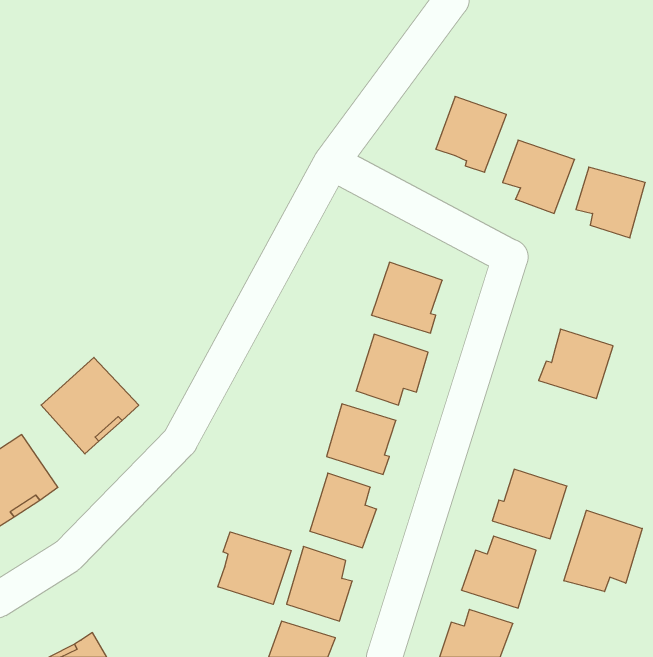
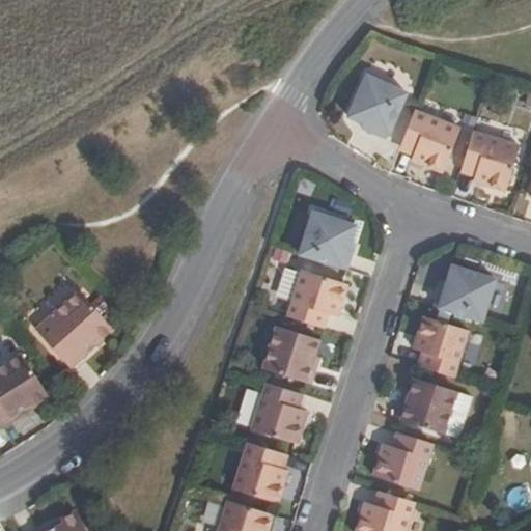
building: none -> [415,317,469,378]
building: [564,510,642,592] -> none
building: [218,532,291,604] -> none

